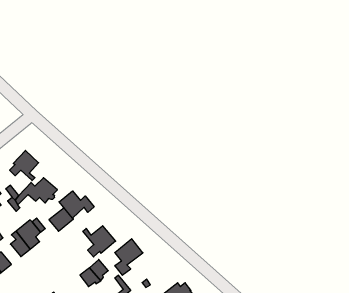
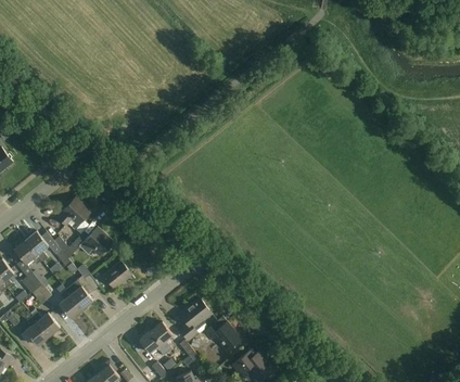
building: [59,191,94,218] -> none
building: [83,226,116,257] -> none
building: none -> [204,316,241,352]

